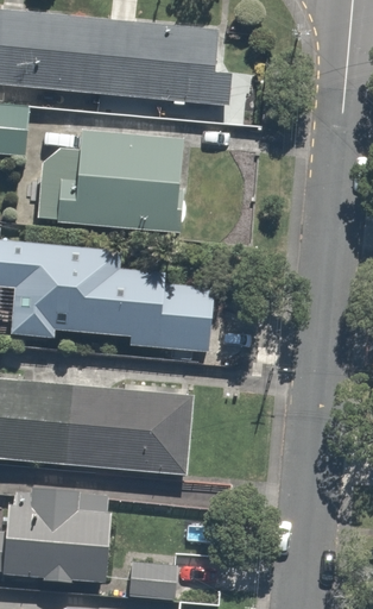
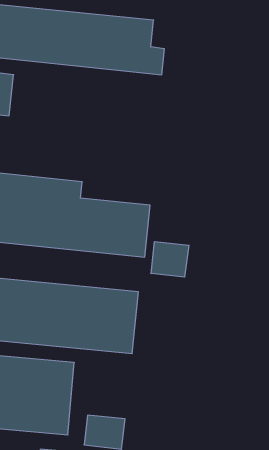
building: [36,128,188,232] -> none
building: none -> [151,242,189,277]

